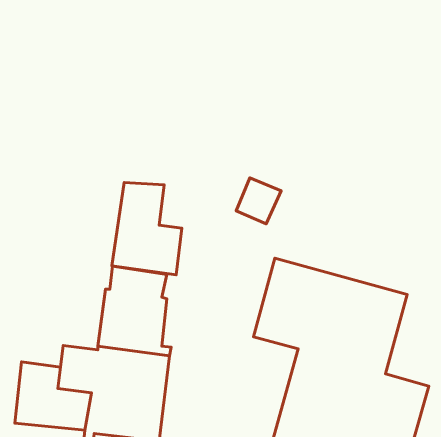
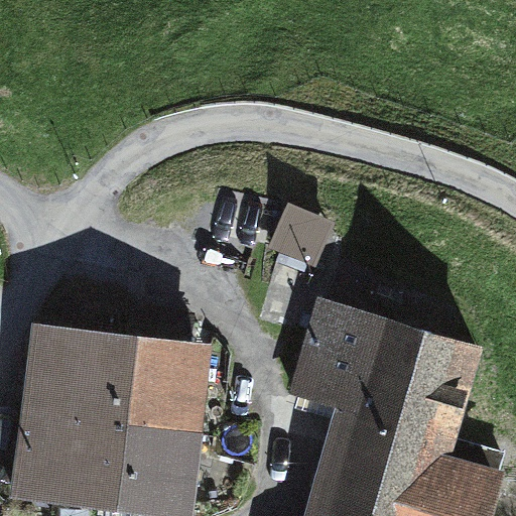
building: [112,183,182,275] -> none
building: none -> [25,309,123,433]

